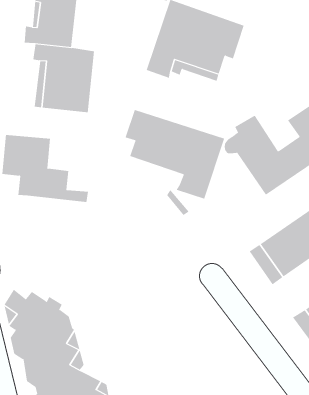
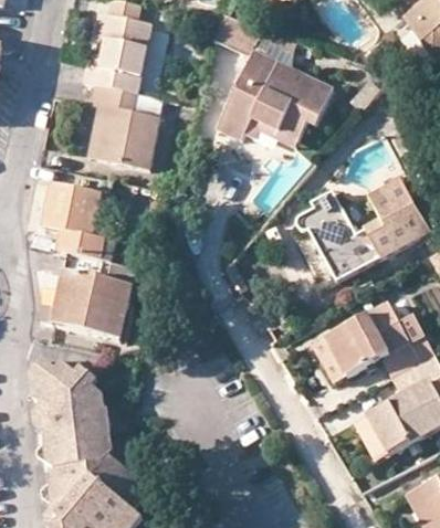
building: [125,109,225,199] -> none
building: none -> [54,253,136,339]

